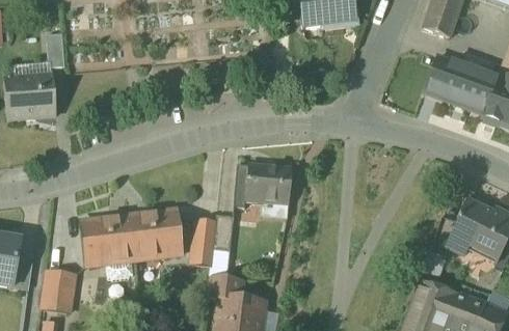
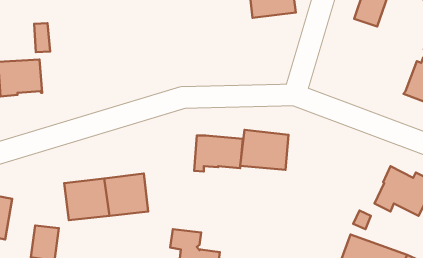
building: [426,56,498,112] -> none
building: none -> [240,130,288,170]
building: [193,218,217,264] -> none

